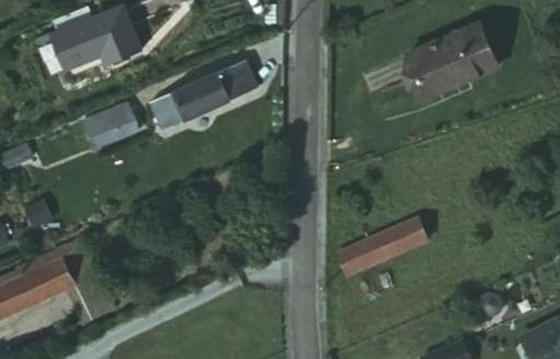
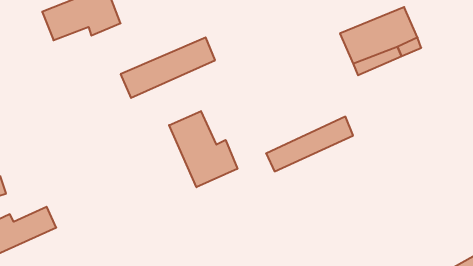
building: [83,100,143,150] -> none
building: none -> [169,111,237,187]
building: [336,210,436,274] -> [266,117,353,171]

